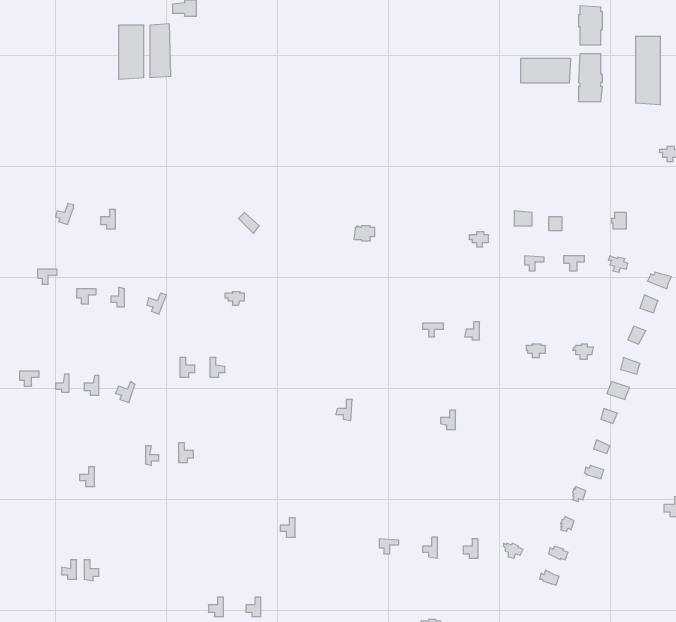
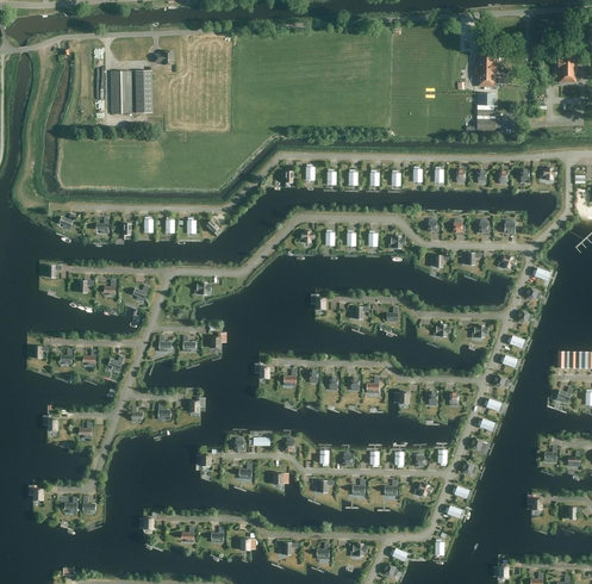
building: [636,36,660,105] -> none
building: [521,58,571,83] -> none

